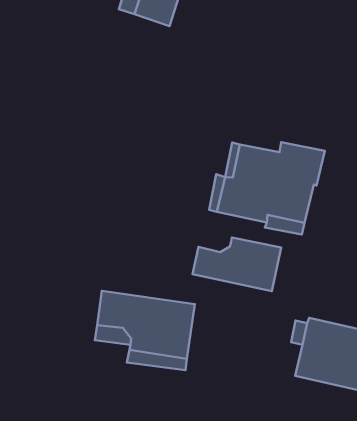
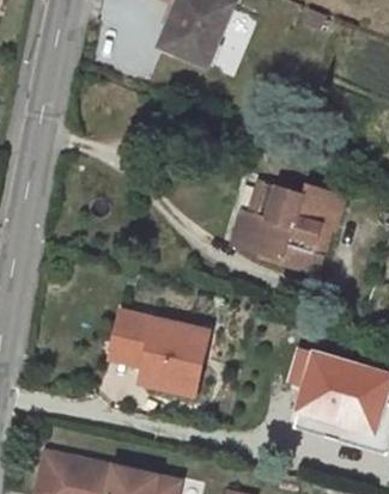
building: [192,237,281,291] -> none

